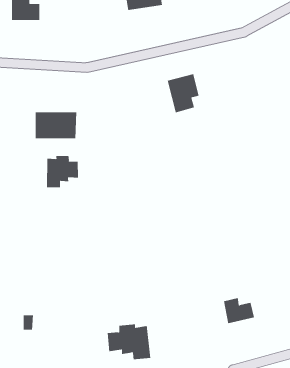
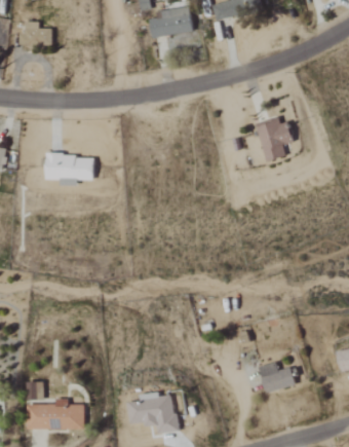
building: [167,73,199,113] -> [255,115,292,160]
building: [47,155,78,188] -> none
building: none -> [25,400,83,429]

